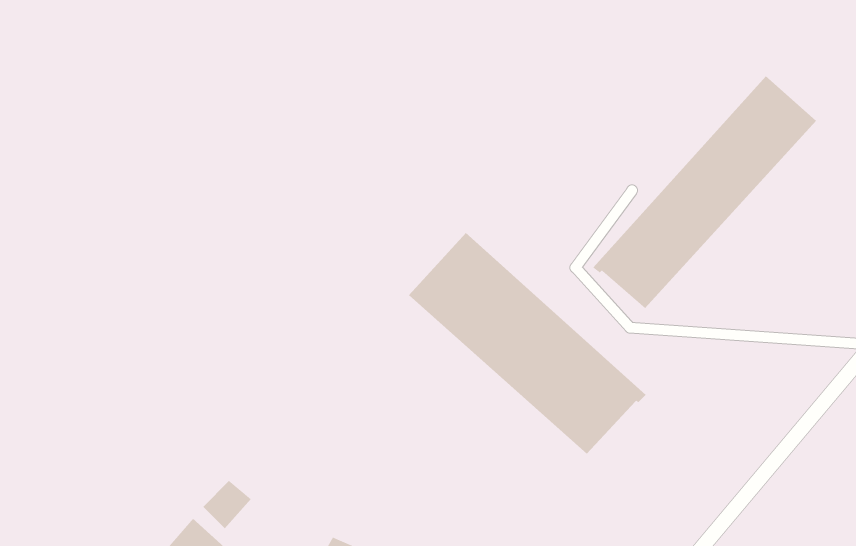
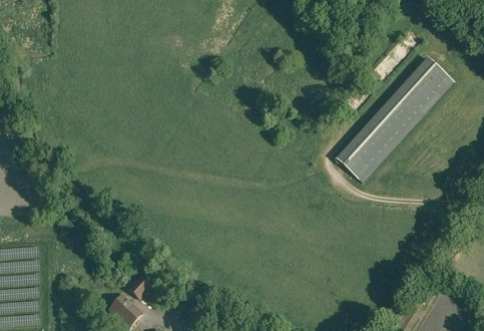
building: [408,232,646,454] -> none

